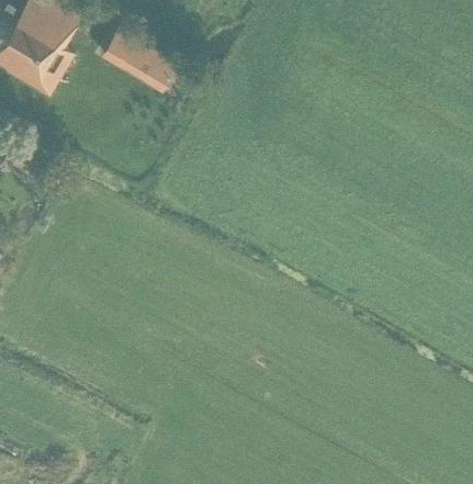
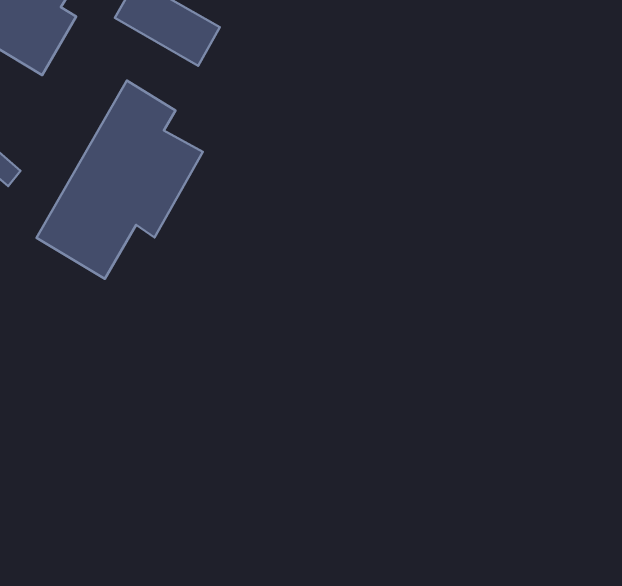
building: none -> [36,81,203,279]

